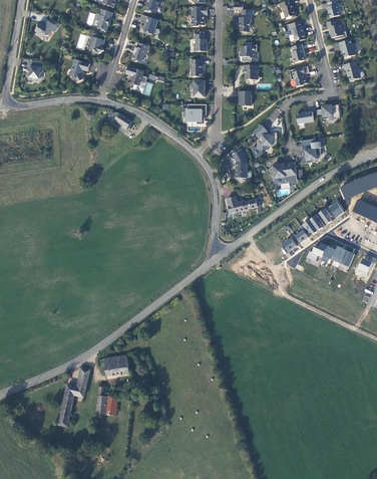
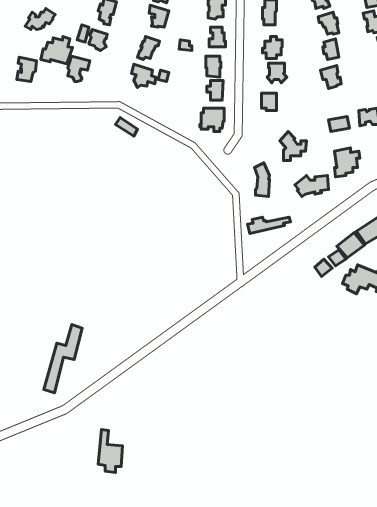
building: none -> [41,37,73,64]
building: [104,354,129,375] -> none
building: [57,367,90,426] -> [44,325,82,393]

